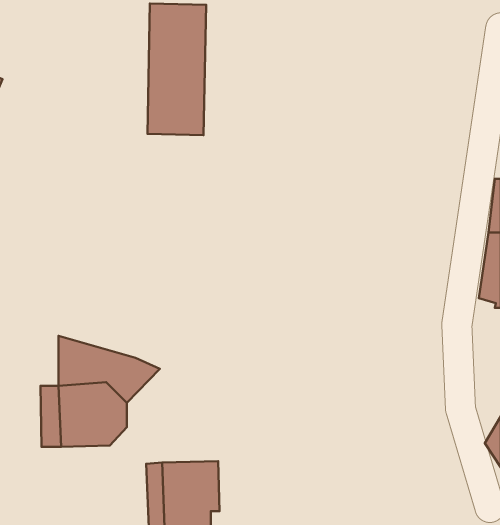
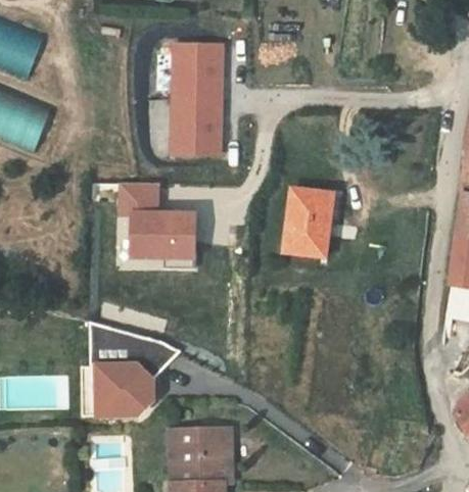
building: none -> [119,183,192,268]
building: none -> [283,189,340,257]

